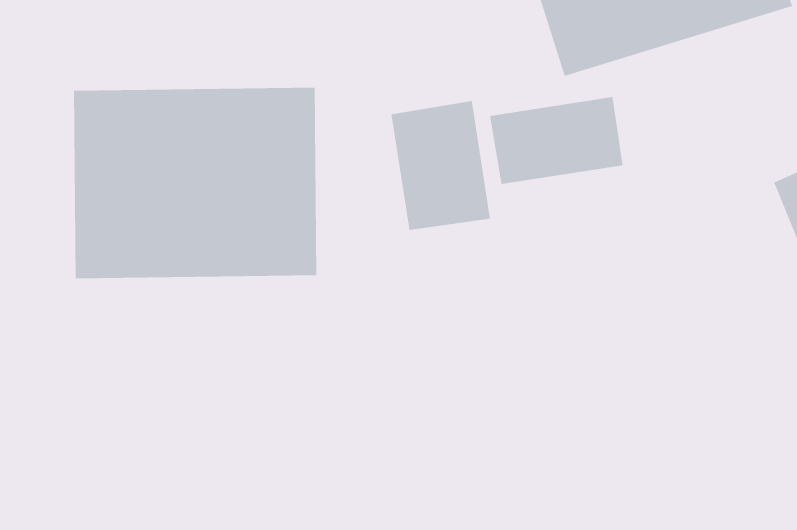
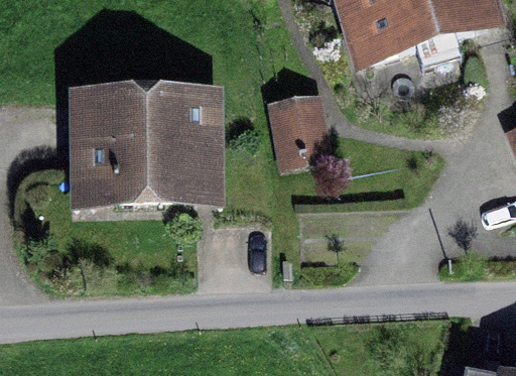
building: [489,96,623,185] -> none

